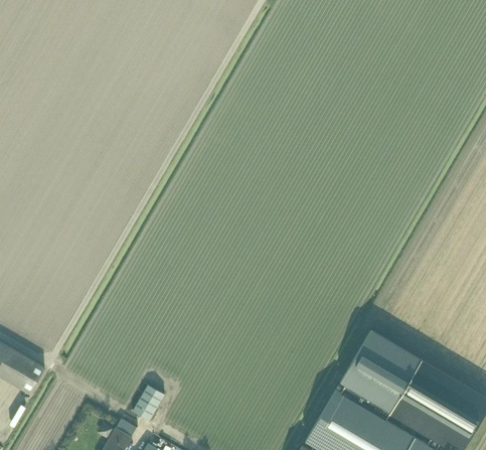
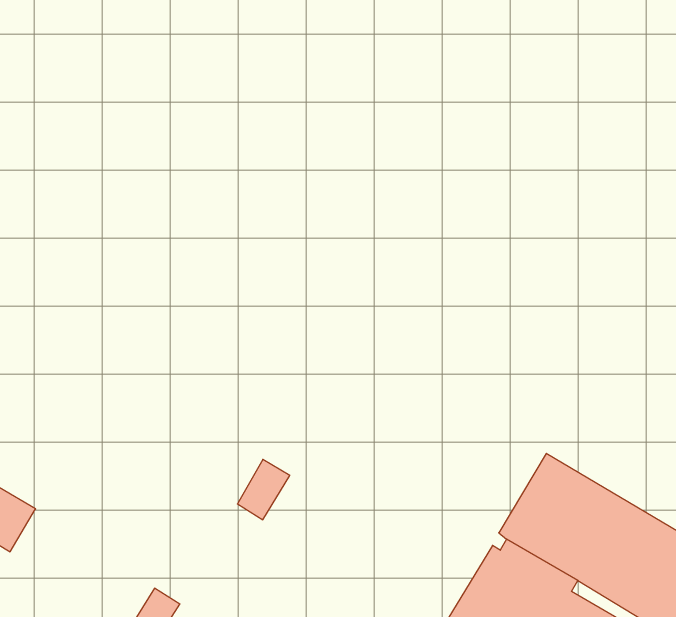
building: [132,384,165,422] -> [237,459,290,520]

